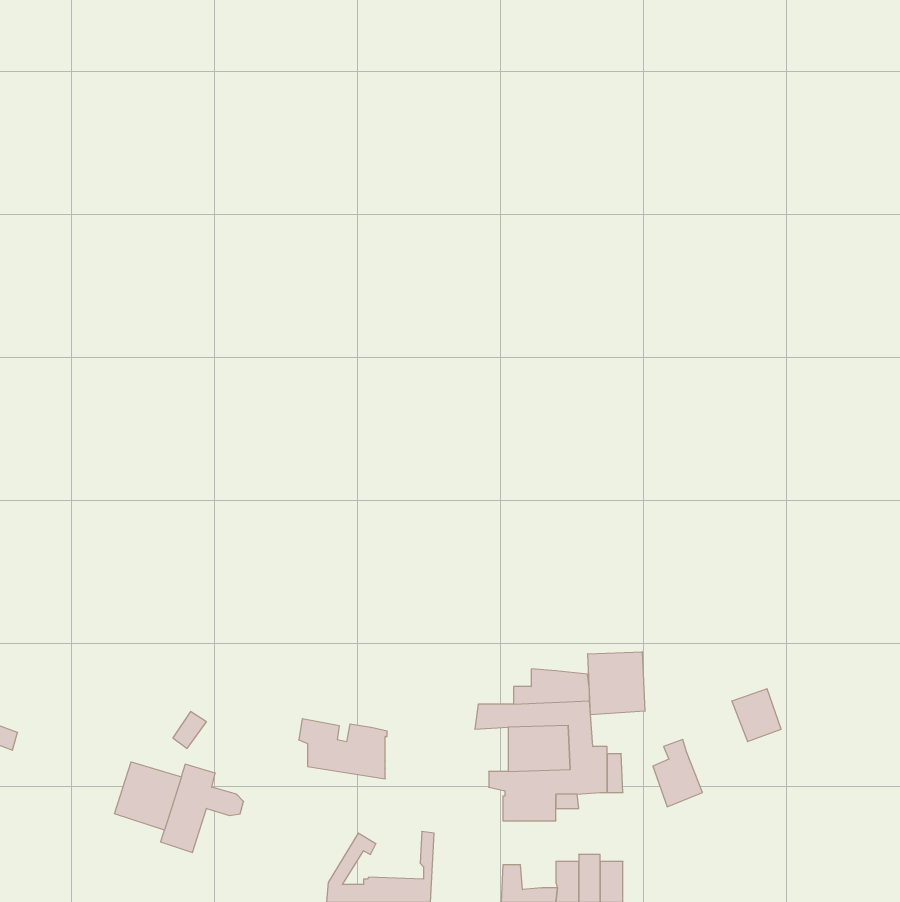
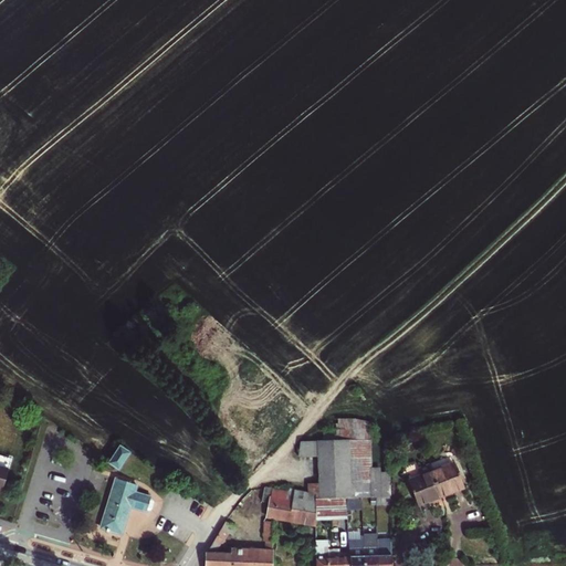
building: [588,652,645,715] -> none
building: [732,689,781,742] -> [430,463,461,496]
building: [299,719,387,779] -> [261,488,316,525]
building: [115,762,181,830] -> none

